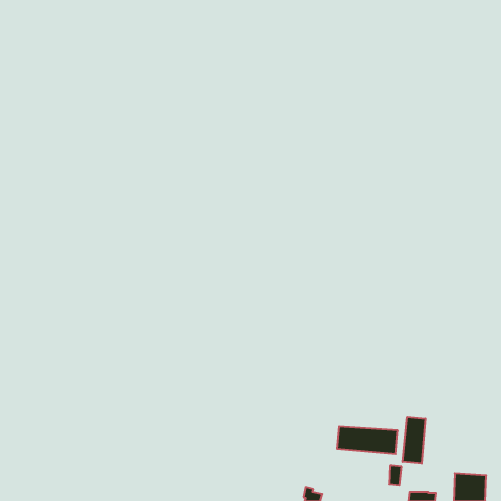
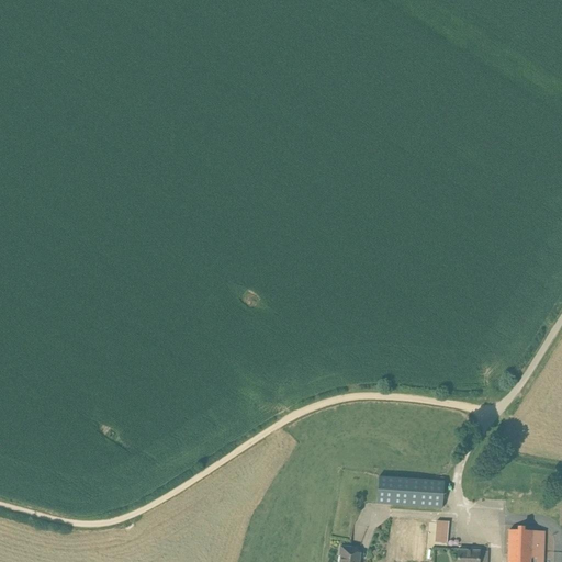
building: [403,417,426,464] -> none

